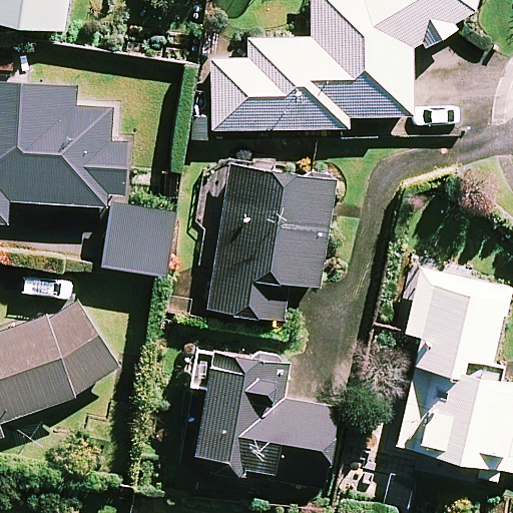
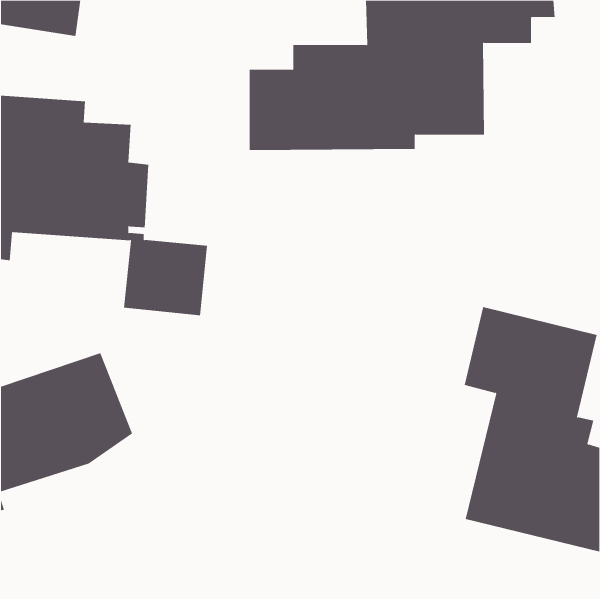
building: [209,164,336,320] -> none
building: [182,348,336,483] -> none

